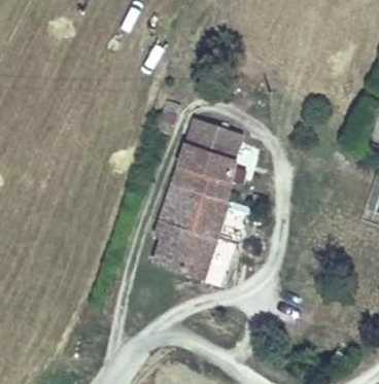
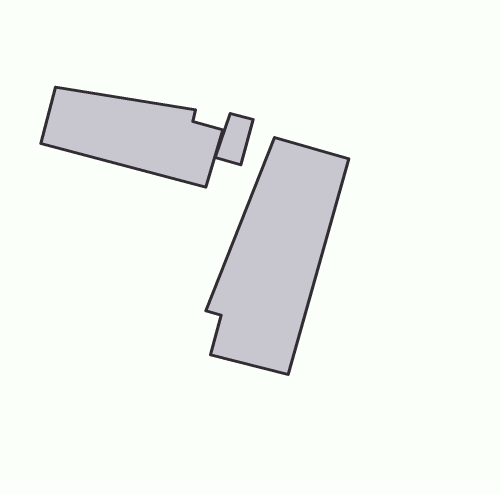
building: none -> [41,87,223,187]

